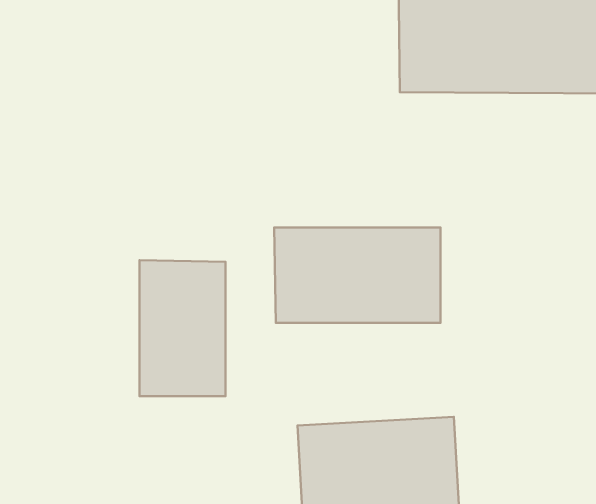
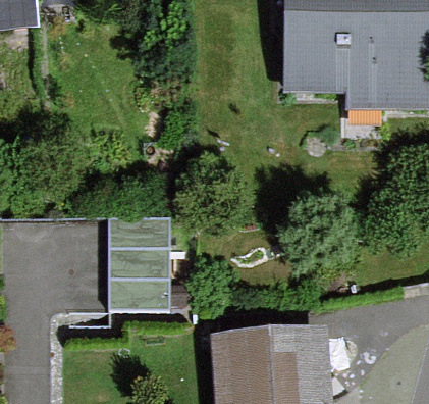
building: [274,227,441,323] -> none

